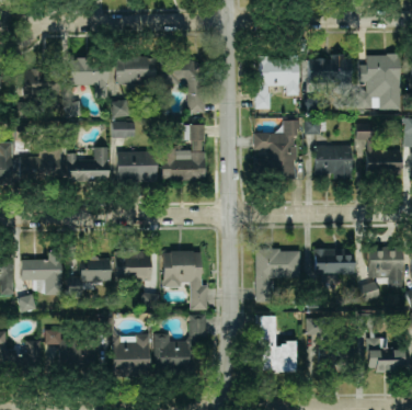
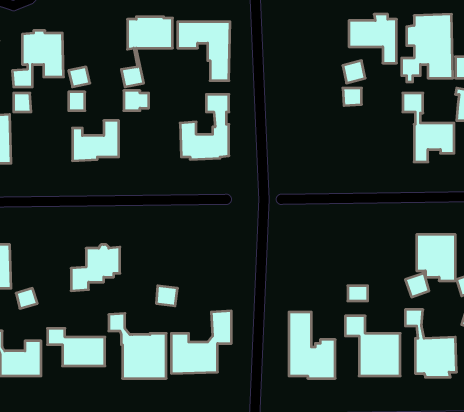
building: [255,55,297,109] -> none
building: [69,57,107,98] -> none
building: [252,119,300,179] -> none
building: [314,145,351,178] -> none
building: [20,148,60,184] -> none
building: [116,151,158,182] -> none
building: [255,248,300,301] -> none
building: [314,248,353,282] -> none
building: [161,249,206,309] -> none
building: [114,250,150,281] -> none
building: [22,251,61,291] -> none

